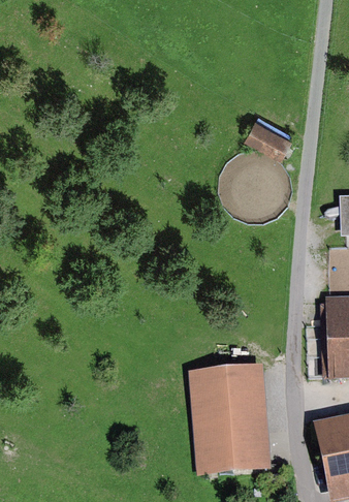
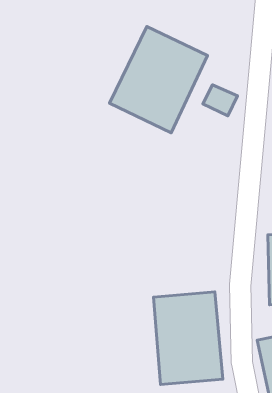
building: none -> [110,27,208,133]

